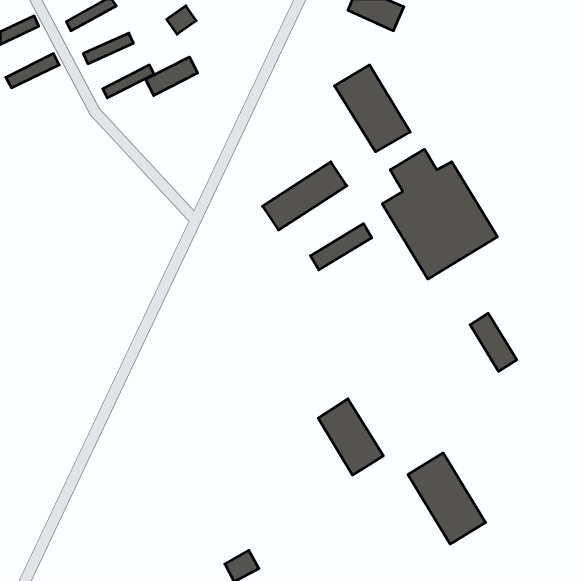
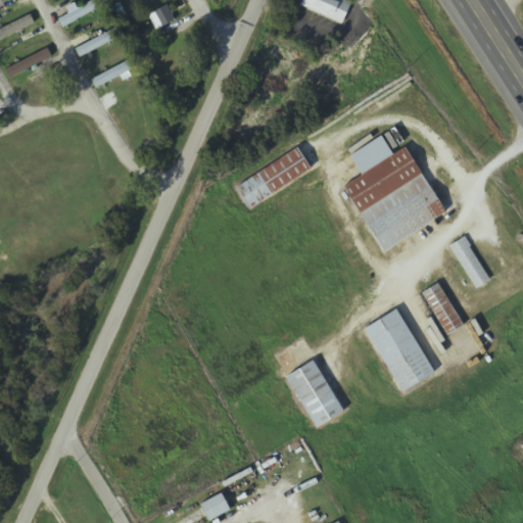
building: [146,57,198,96] -> none
building: [334,65,410,152] -> none
building: [310,224,372,270] -> none
building: none -> [449,234,488,286]
building: [408,453,486,544] -> [364,307,433,389]

